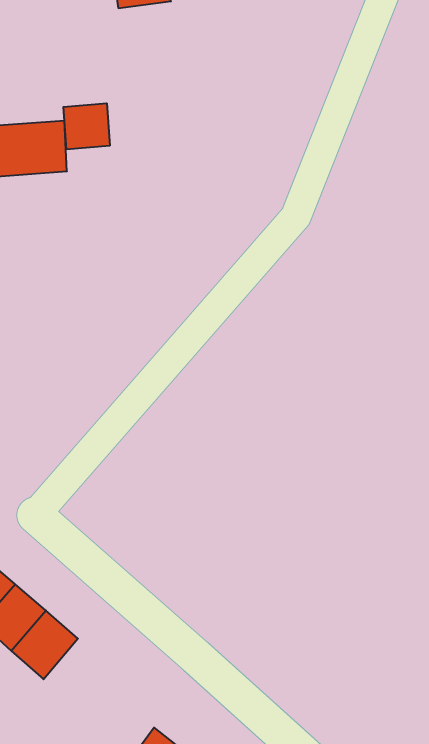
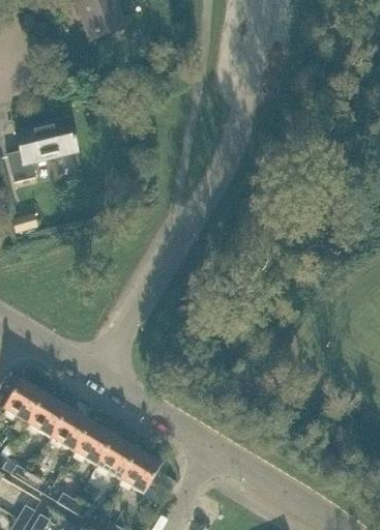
building: [63,103,110,149] -> none
building: none -> [119,450,162,495]

